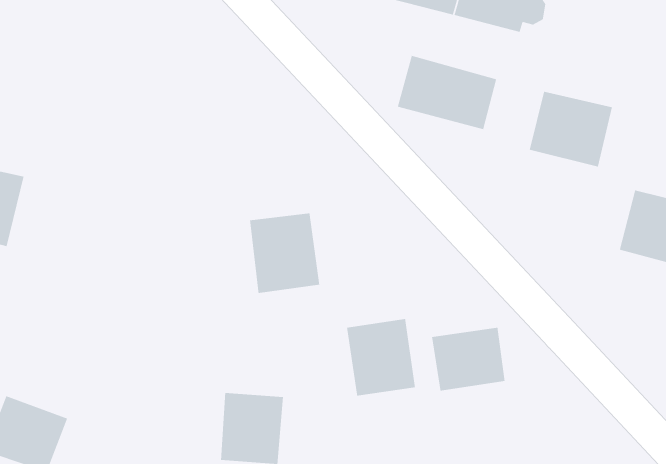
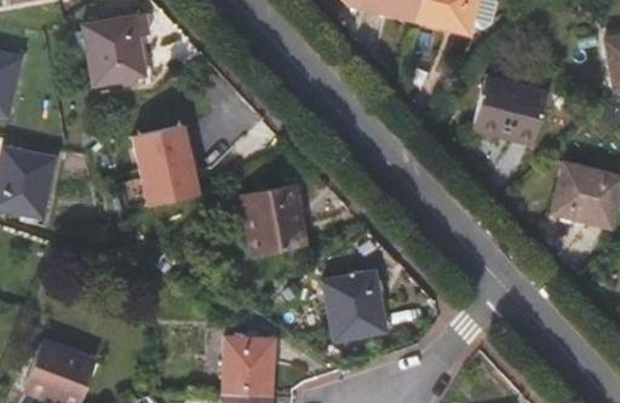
building: none -> [86,16,145,84]
building: [397,55,497,130] -> none
building: none -> [132,123,197,203]
building: [431,327,505,391] -> none

